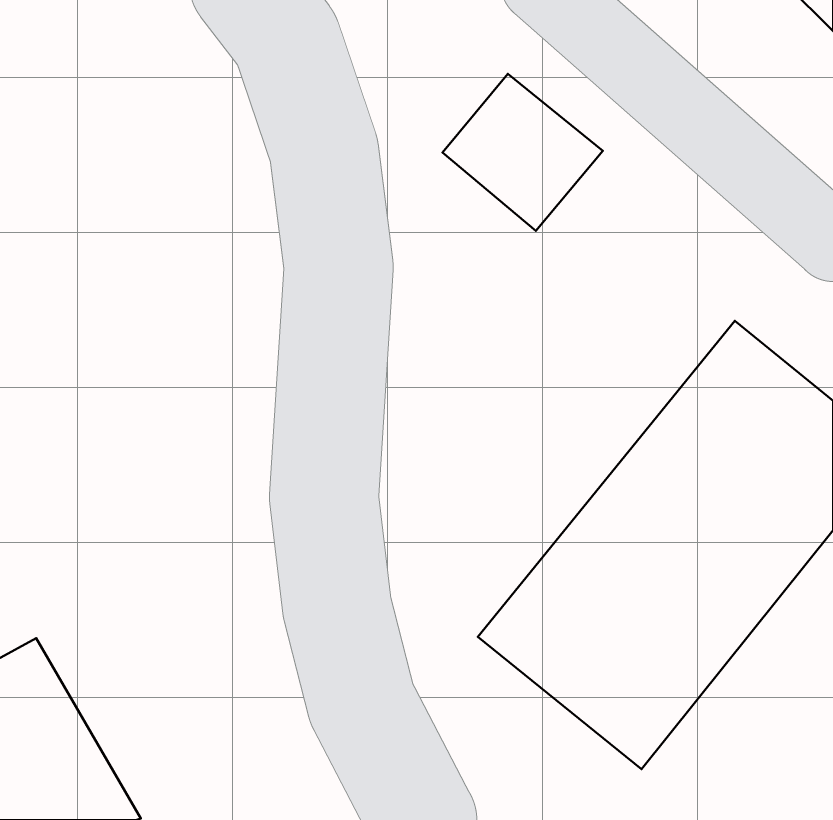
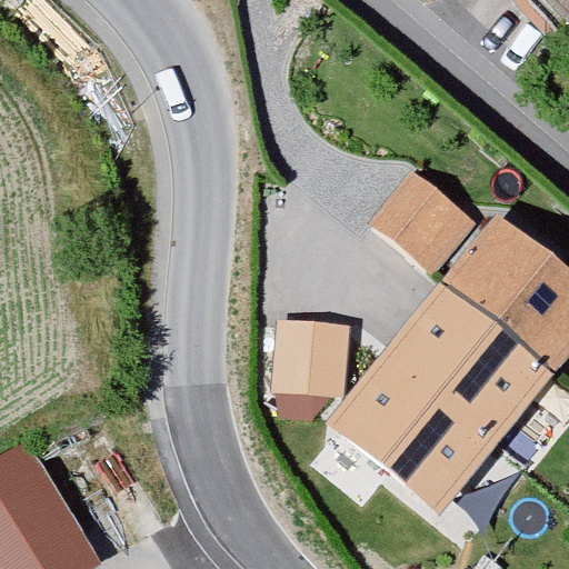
building: [442,74,603,231] -> [366,164,475,271]
building: none -> [268,315,350,393]

